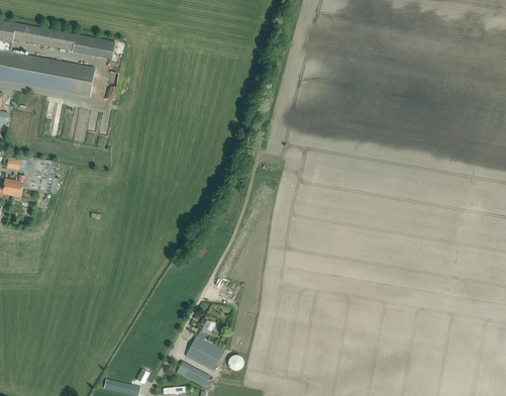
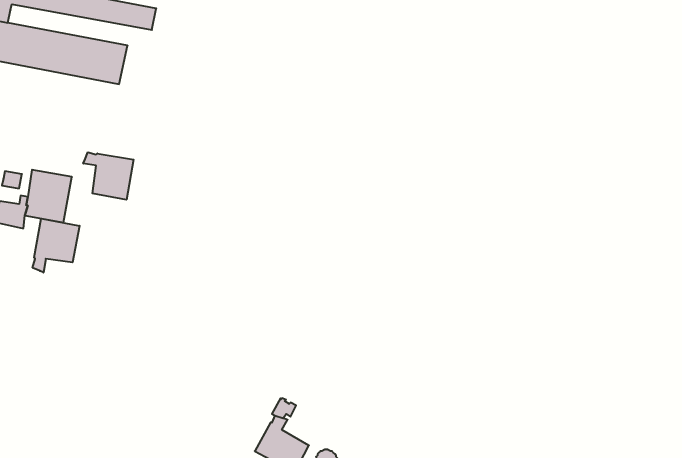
building: none -> [83,152,134,200]
building: none -> [33,219,80,273]

